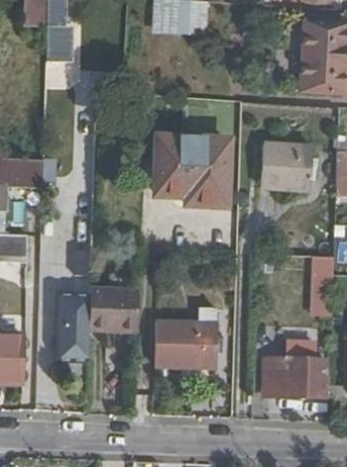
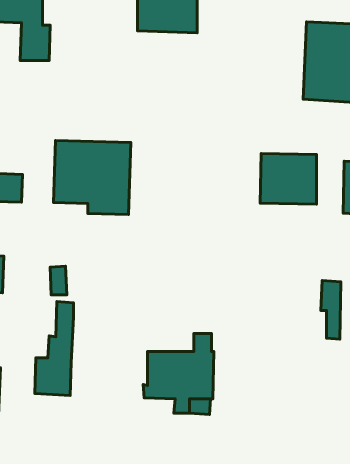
building: [156,137,227,205] -> [53,140,131,215]
building: [89,291,140,334] -> none
building: [266,345,328,397] -> none

